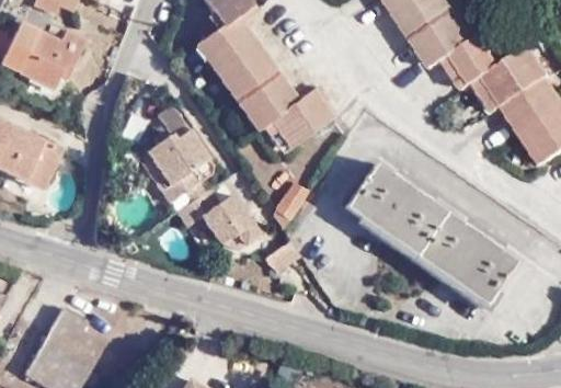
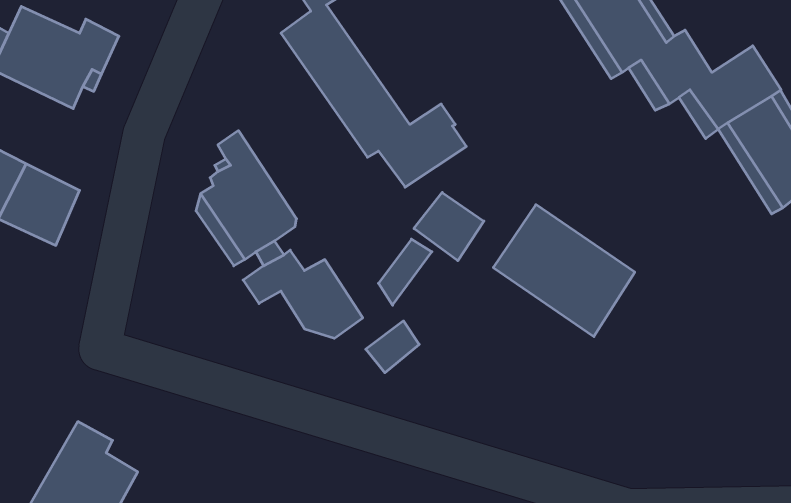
building: none -> [414,192,484,261]
building: [420,207,519,300] -> none

